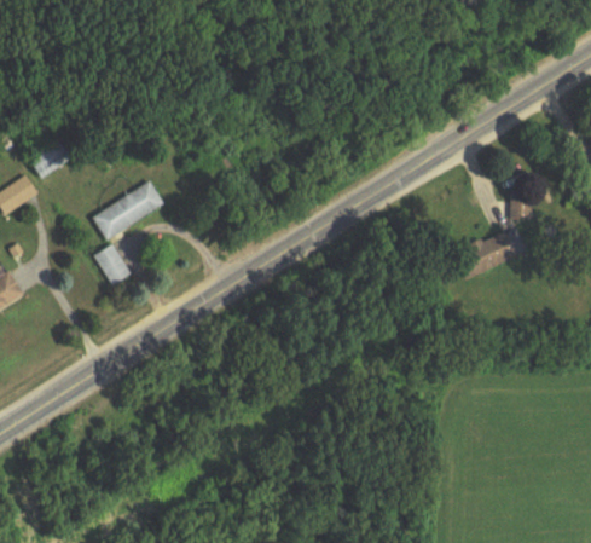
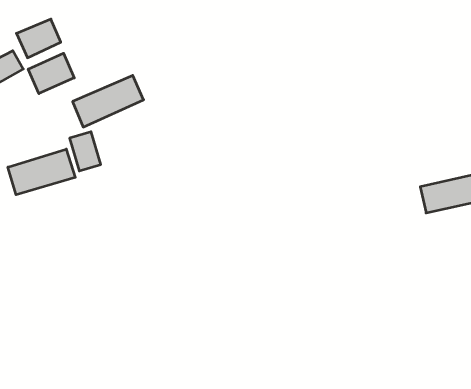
building: none -> [28,53,74,94]
building: none -> [8,149,75,195]

